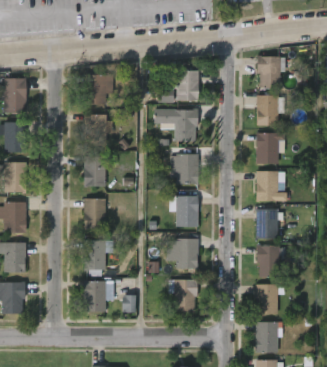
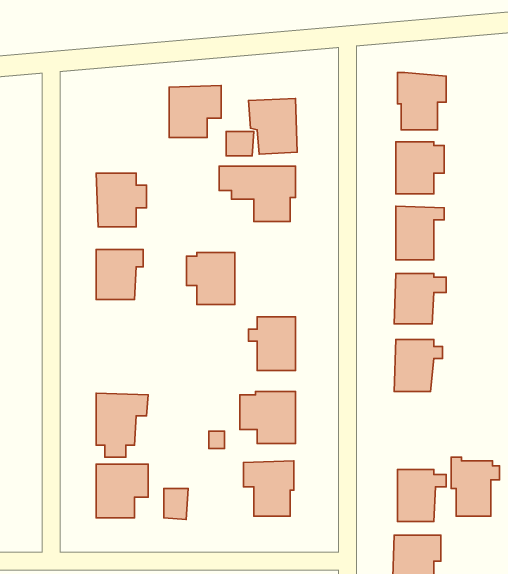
building: [83,74,113,104] -> [169,85,221,137]
building: [170,154,198,184] -> [186,253,235,305]
building: [83,198,105,228] -> none
building: [256,244,284,278] -> [451,457,499,516]

